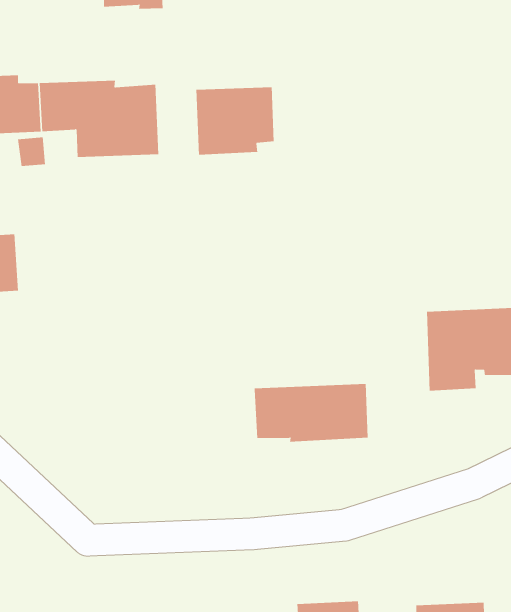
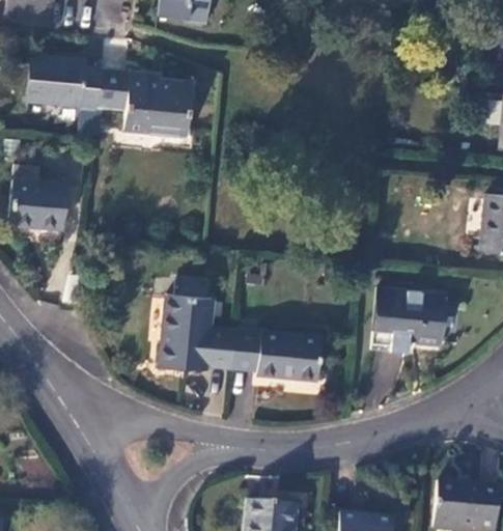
building: [196,86,274,155] -> none
building: none -> [161,281,236,370]

